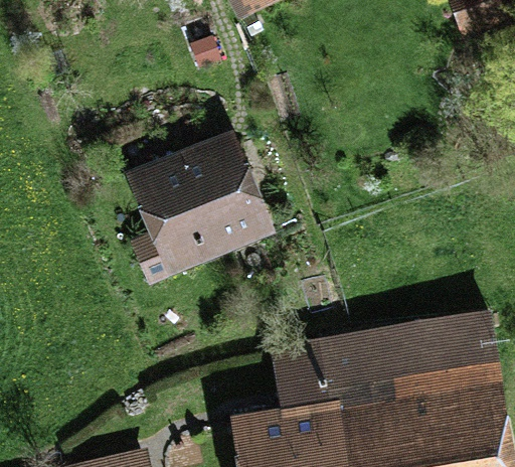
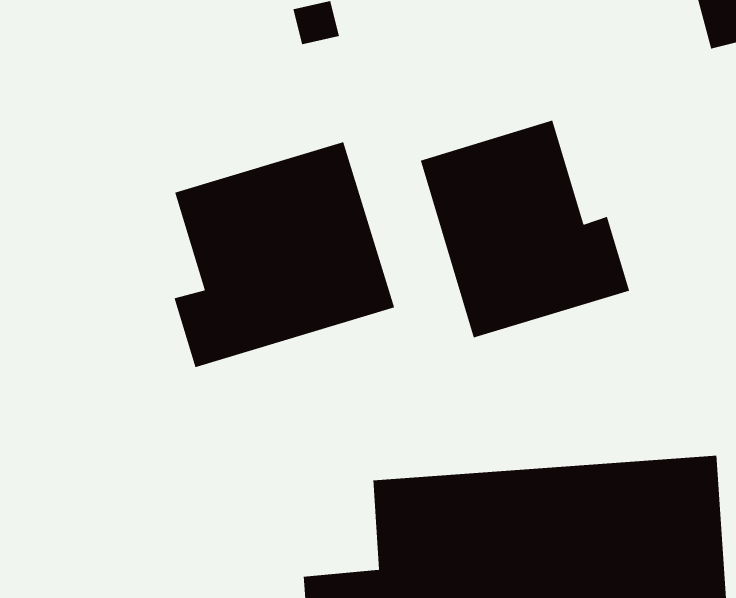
building: none -> [420,119,630,339]

